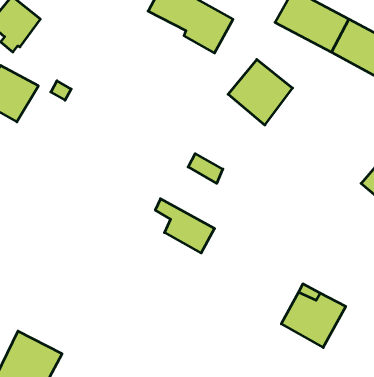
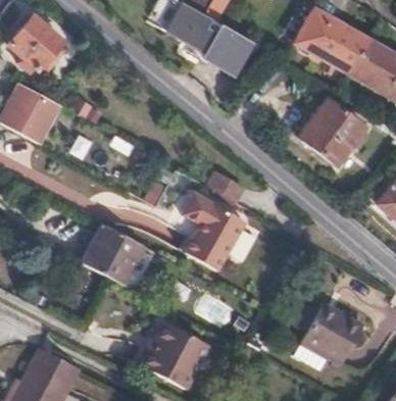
building: [228,59,293,125] -> [302,99,366,164]
building: none -> [180,194,247,248]
building: none -> [83,225,145,288]
building: none -> [131,317,208,391]

